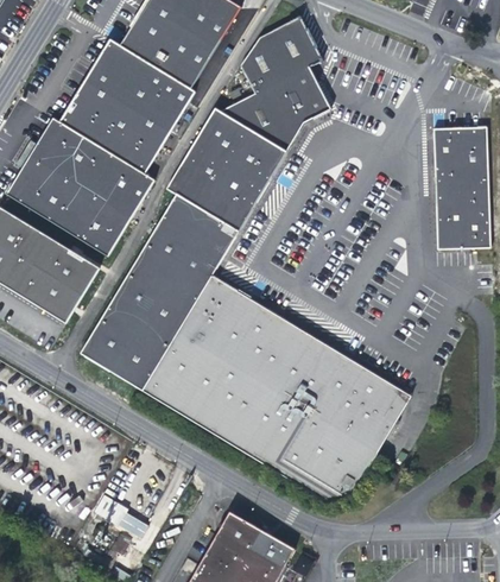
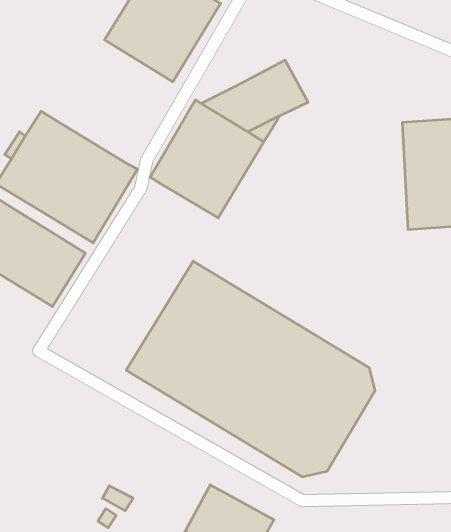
building: [241,17,323,93] -> none
building: [59,39,196,175] -> none
building: [82,194,239,390] -> none

